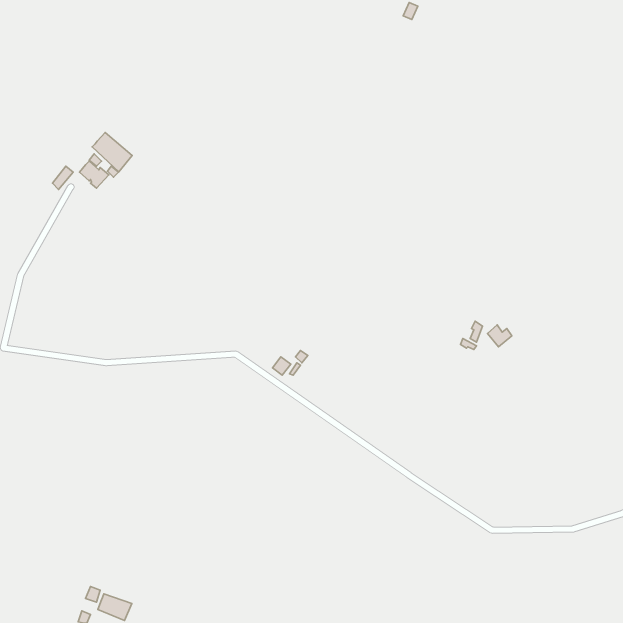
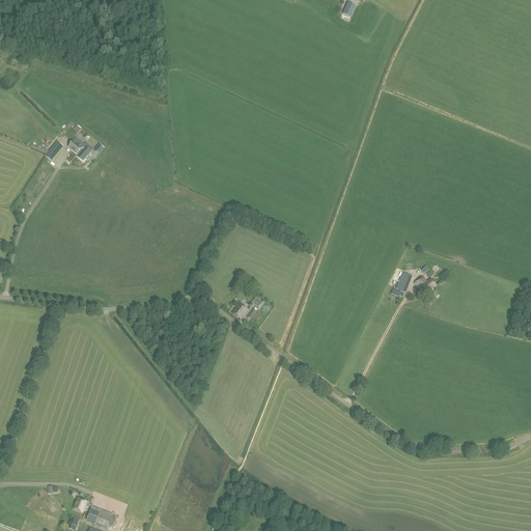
building: [92,132,132,172] -> none

